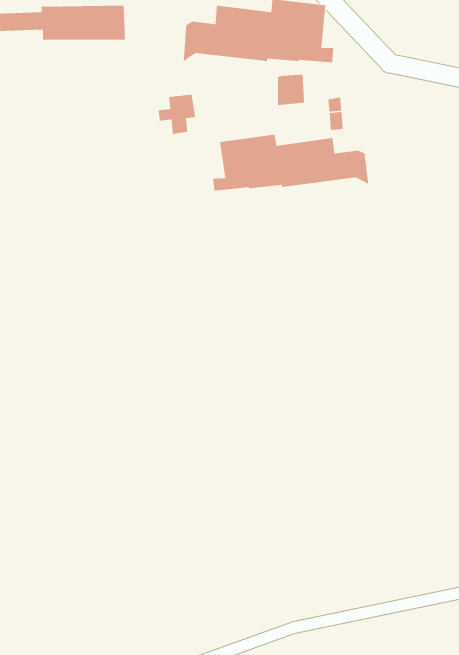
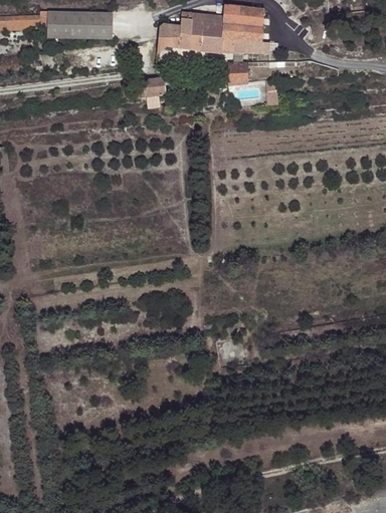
building: [212,134,369,192] -> none

